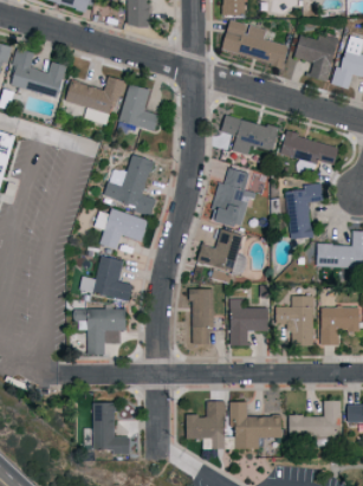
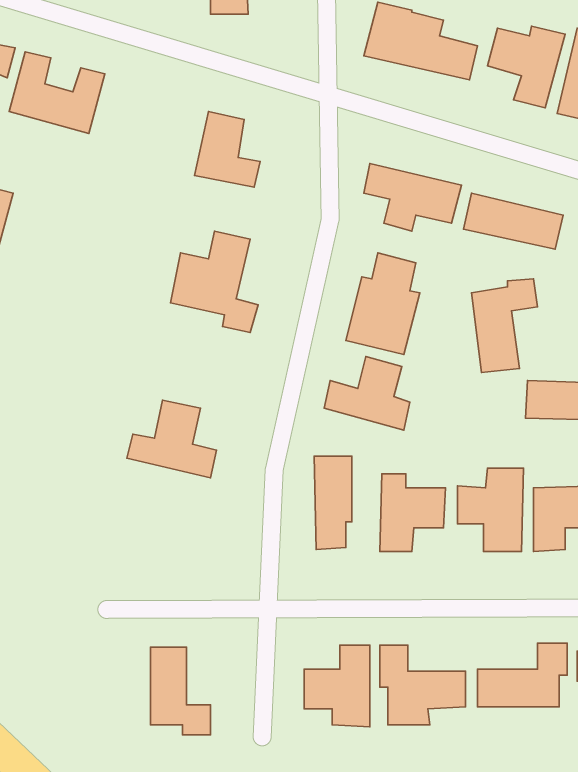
building: [61,76,124,123] -> none
building: [93,208,148,250] -> none
building: [73,309,125,354] -> none

